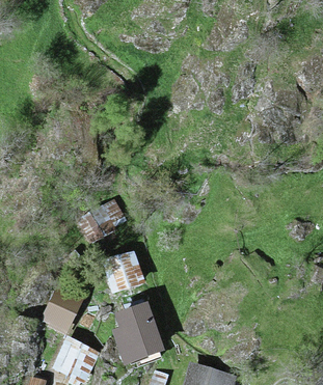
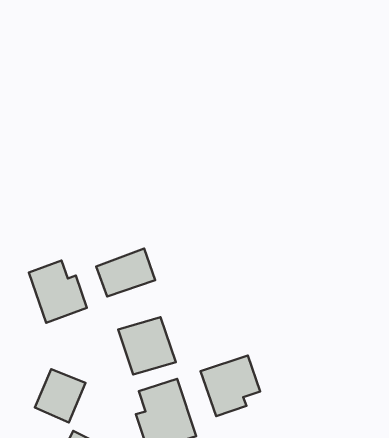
building: none -> [29,261,87,323]
building: none -> [200,355,260,416]

